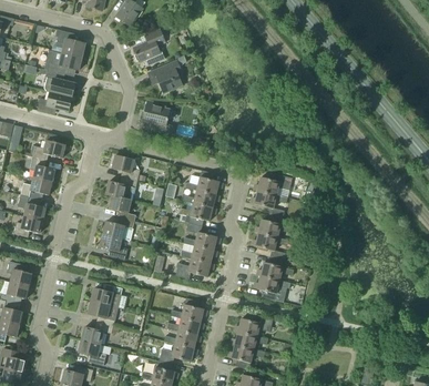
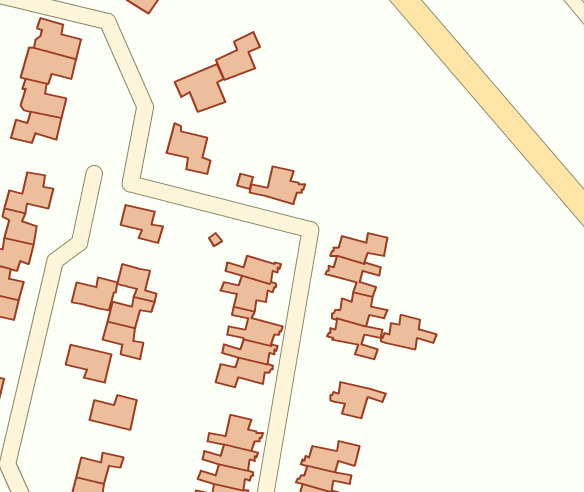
building: [133,29,163,61] -> [216,32,260,80]
building: [185,170,223,195] -> [250,166,305,204]
building: [105,177,136,200] -> [72,277,118,310]
building: [256,256,294,280] -> [381,315,437,349]
building: [86,301,118,326] -> [66,345,112,383]

